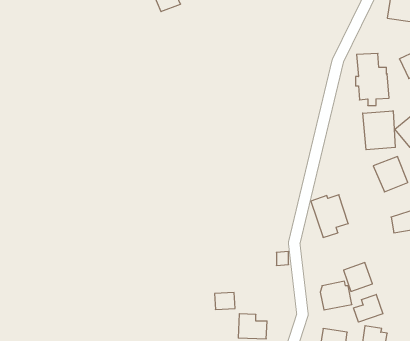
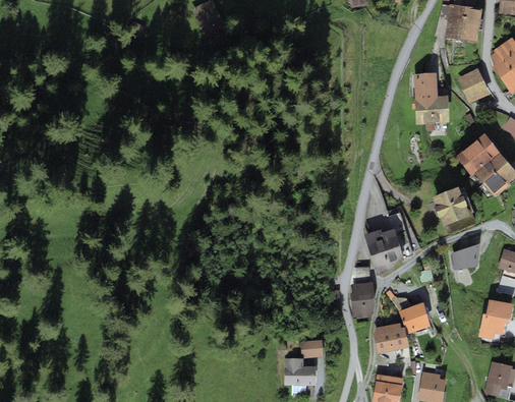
building: [363,111,395,150] -> none
building: none -> [350,282,375,319]
building: [215,293,235,309] -> [300,340,323,358]
building: [353,294,383,322] -> none

